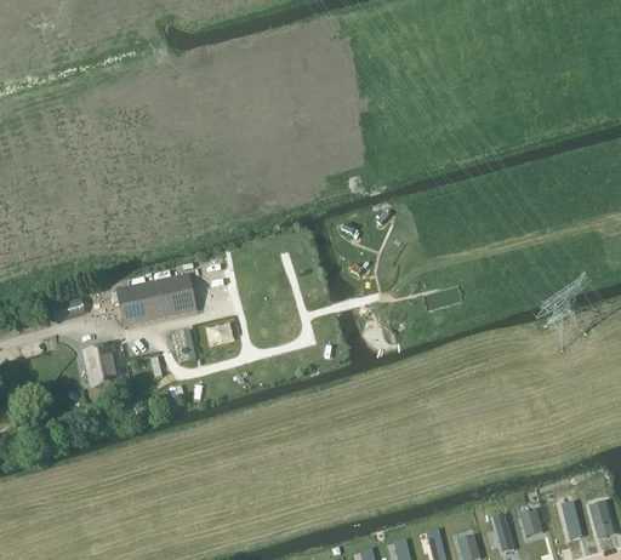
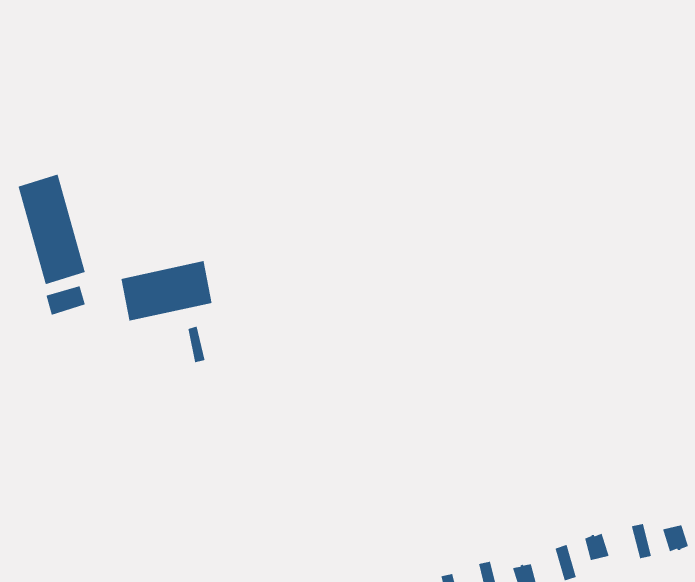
building: none -> [17,174,86,285]
building: [80,342,119,389] -> none

